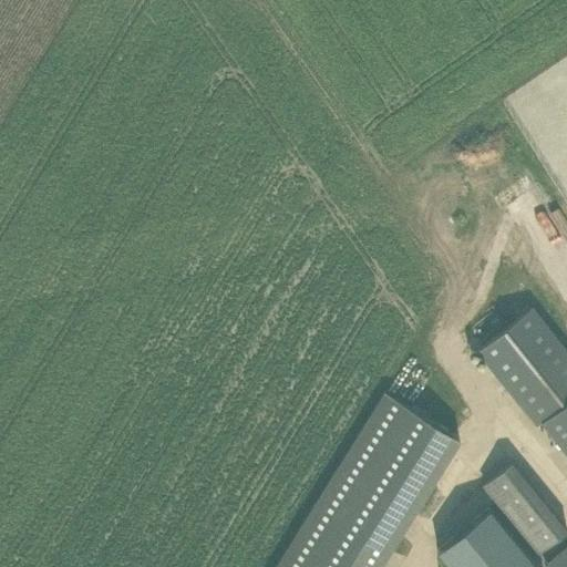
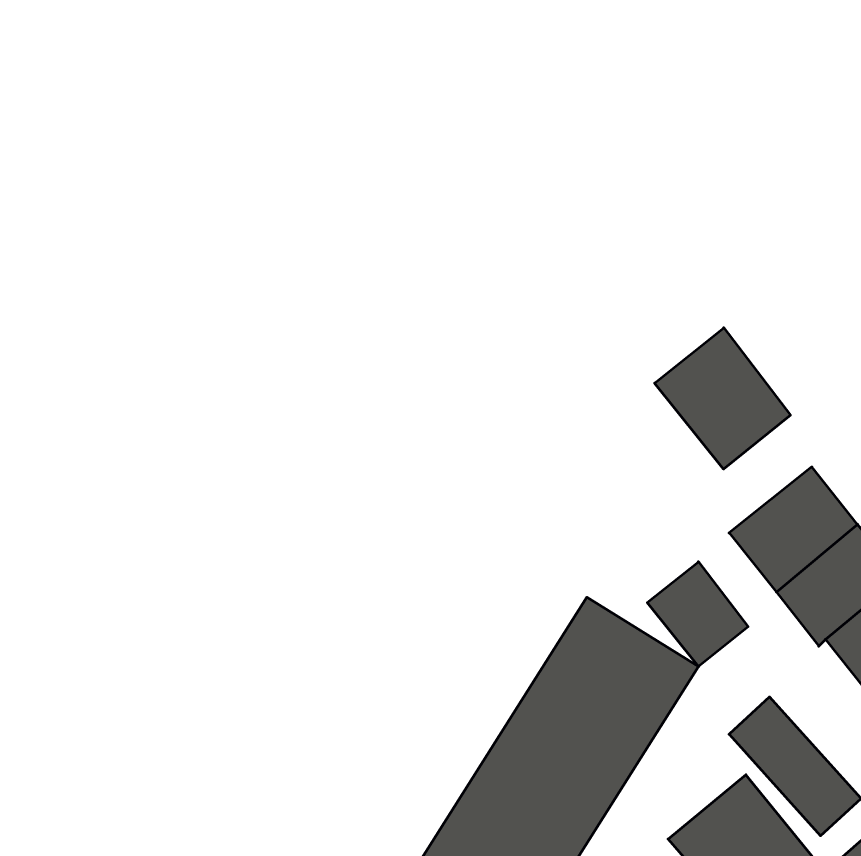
building: none -> [655,328,790,469]
building: none -> [647,562,748,667]

